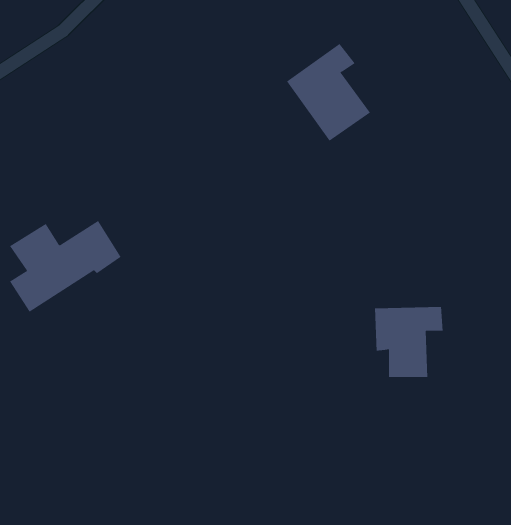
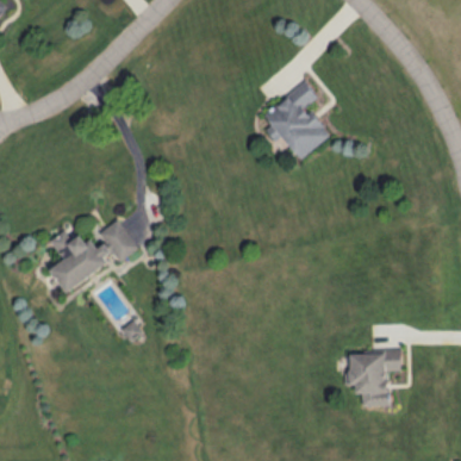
building: [374,307,443,377] -> [348,350,401,405]

